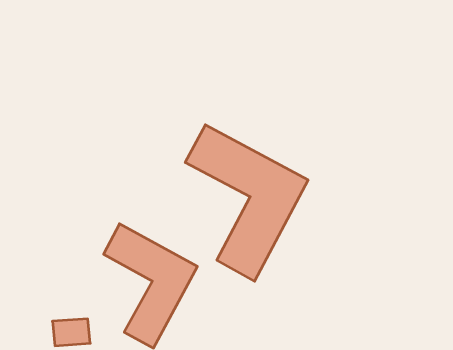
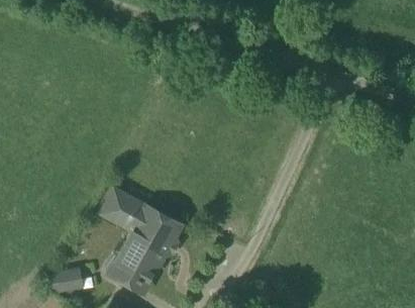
building: [185,125,308,281] -> none

